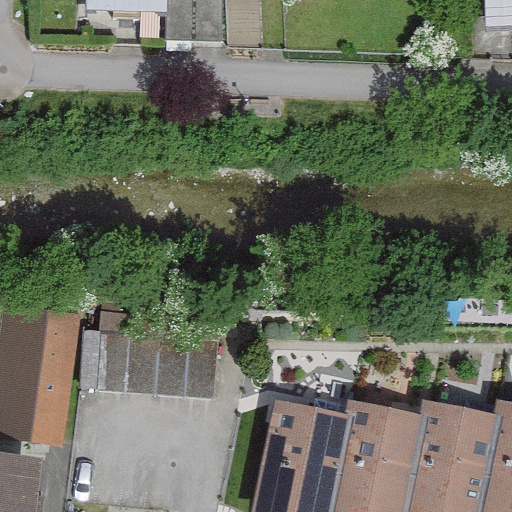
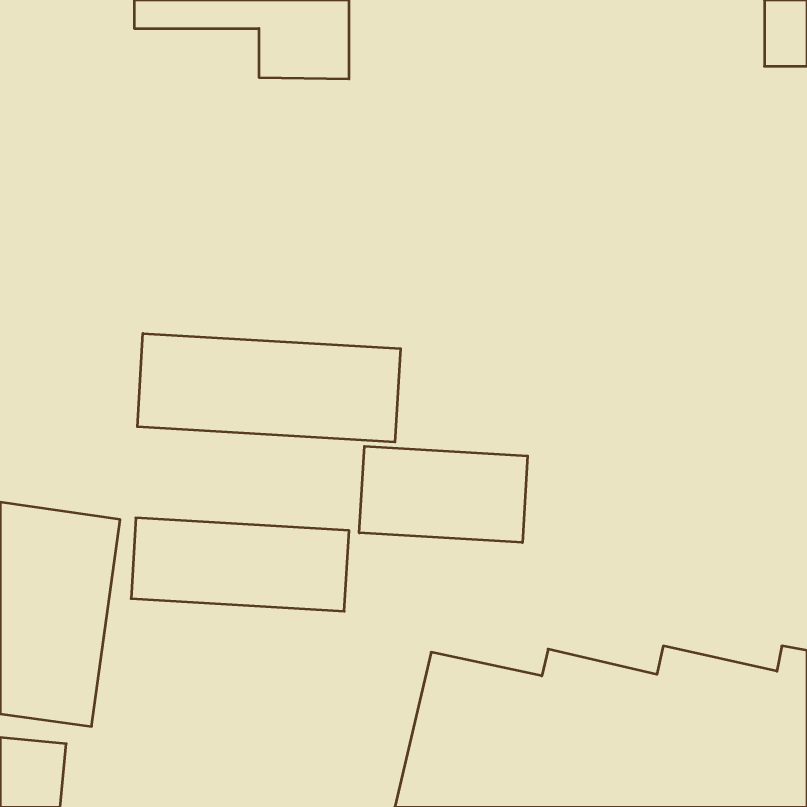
building: none -> [137,333,401,442]
building: none -> [359,446,528,543]

